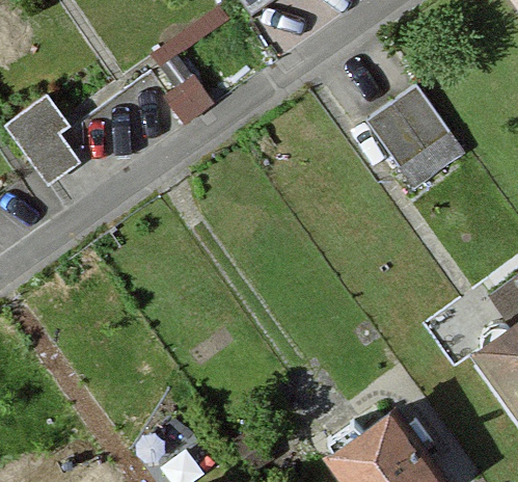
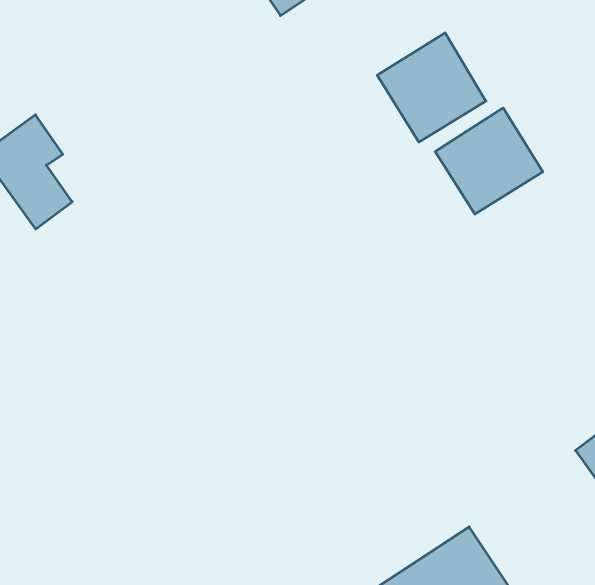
building: none -> [377,33,486,142]

